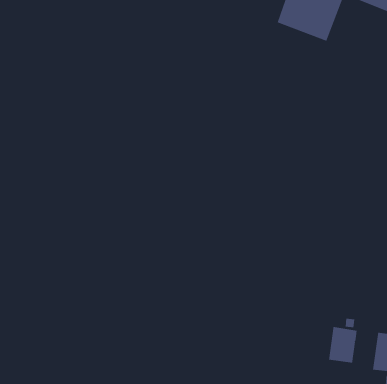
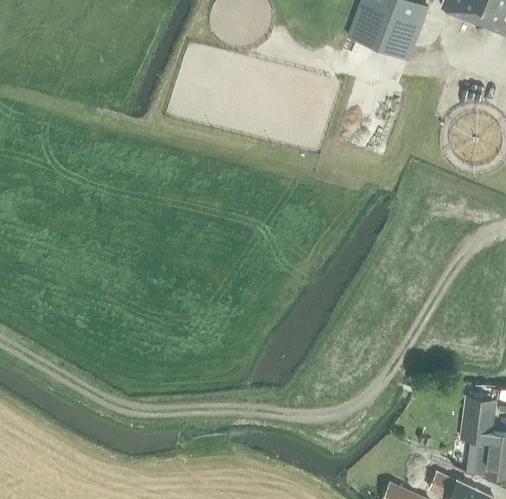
building: [329,326,357,363] -> none

